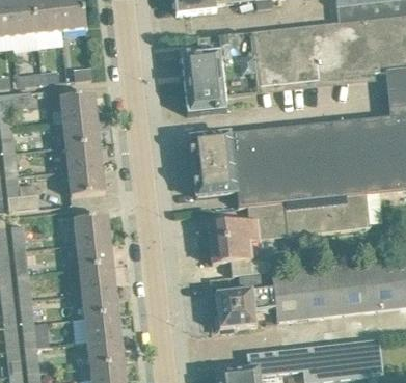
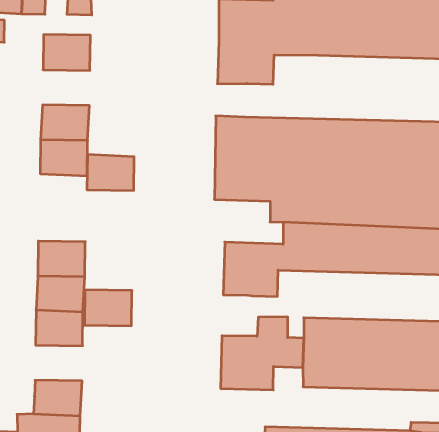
building: [62,117,99,146] -> none
building: [73,215,109,243] -> [87,155,134,190]
building: [84,312,120,341] -> [84,290,132,326]

